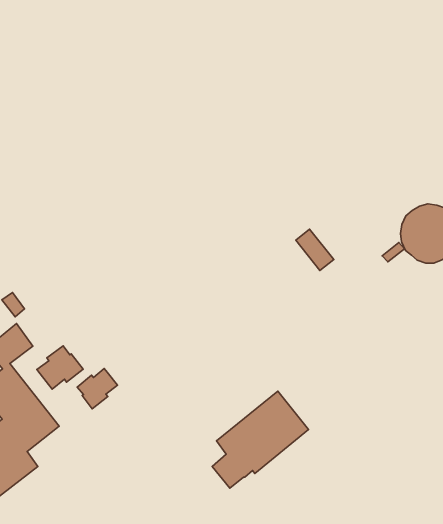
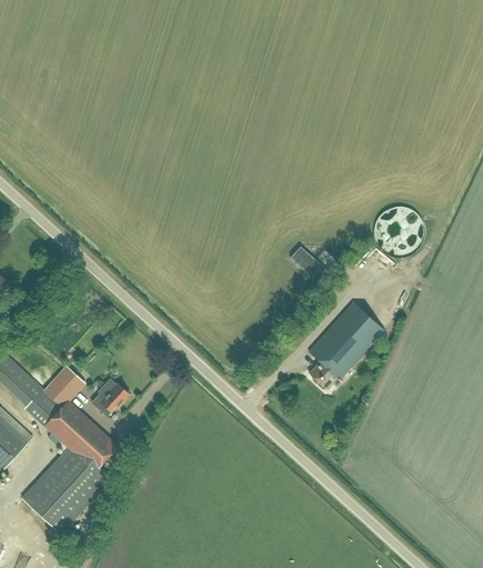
building: [77,369,117,409] -> none
building: [212,391,308,488] -> [309,301,384,389]

